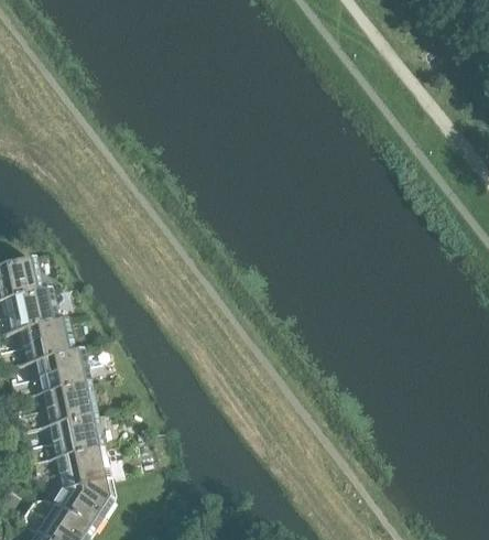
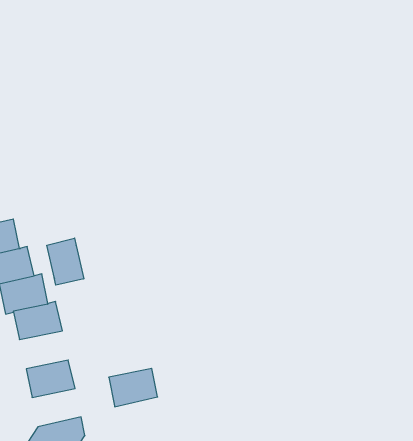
building: none -> [47,238,84,285]
building: [40,385,95,428] -> none
building: [54,450,109,493] -> [109,368,158,407]

